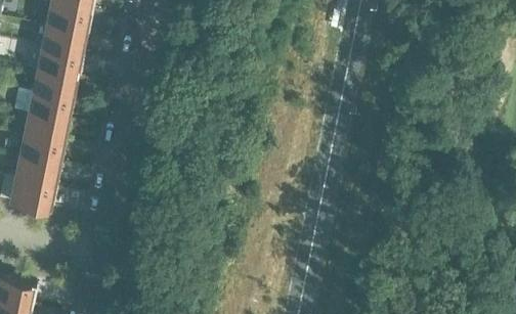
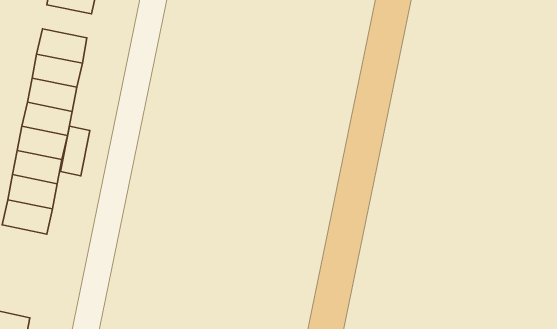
building: [44,10,88,40] -> none
building: none -> [60,126,90,176]

